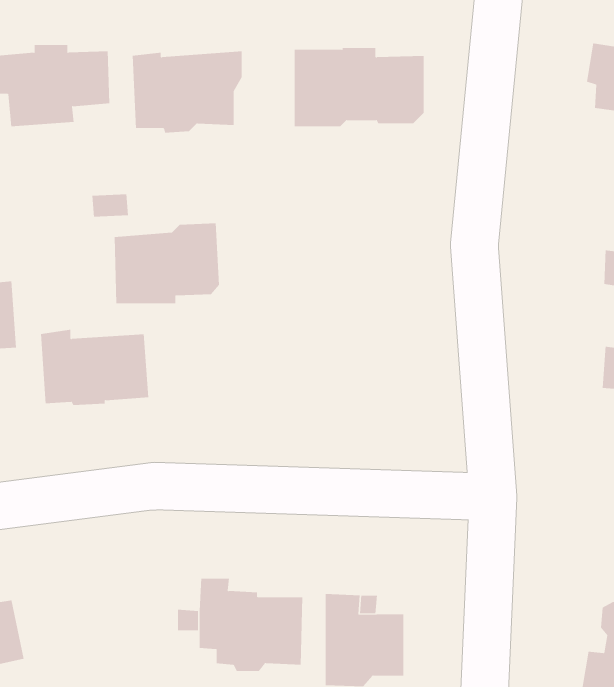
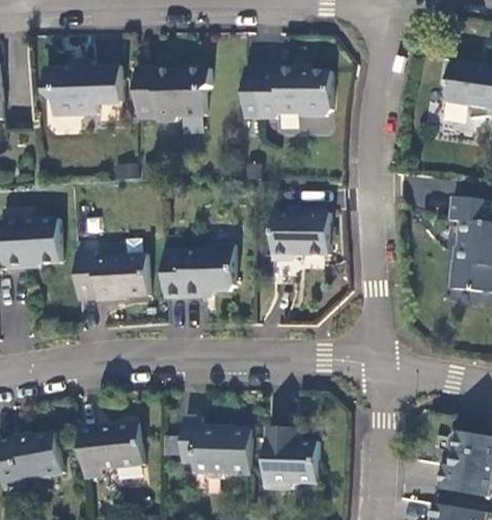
building: [114,223,220,304] -> [164,244,235,298]
building: none -> [272,213,329,261]
building: none -> [81,423,145,477]

